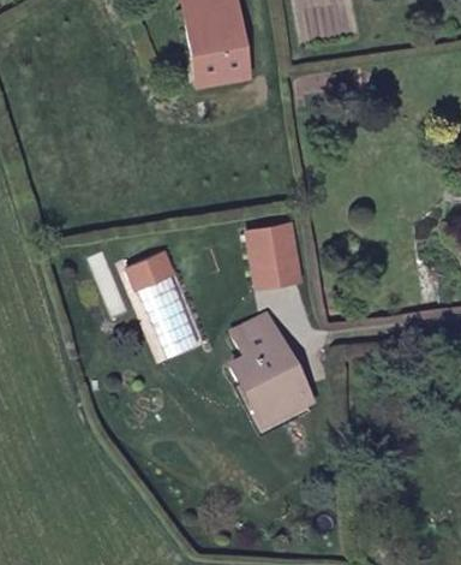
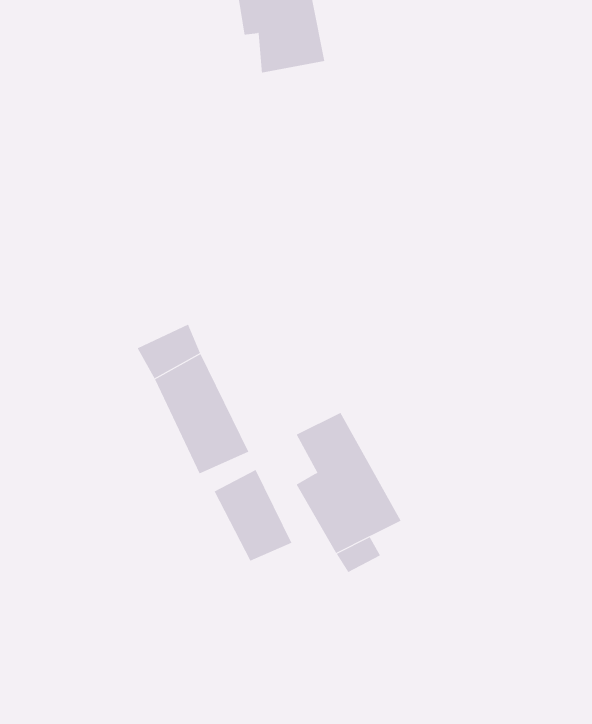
building: [250,226,301,282] -> none
building: none -> [214,469,292,562]

